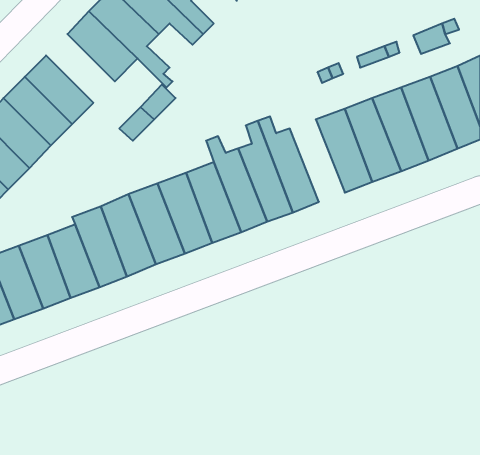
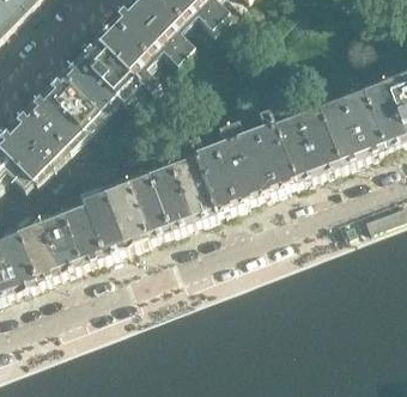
building: none -> [63,56,117,110]
building: none -> [255,109,298,188]

